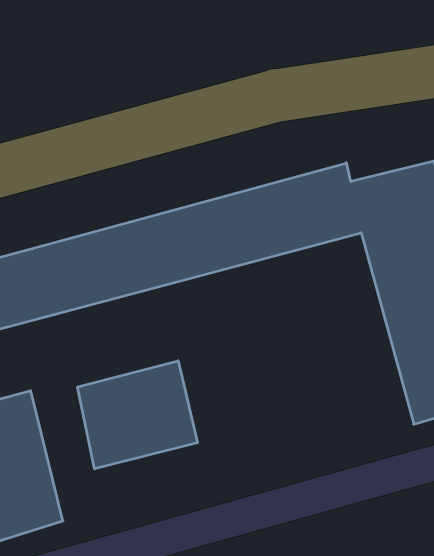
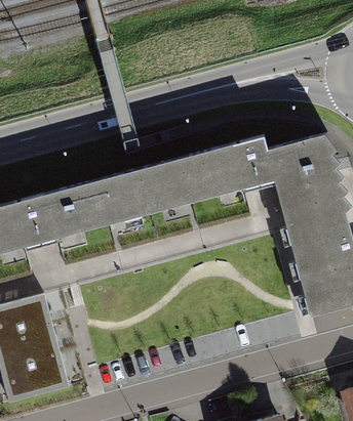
building: [78,361,198,469] -> none

